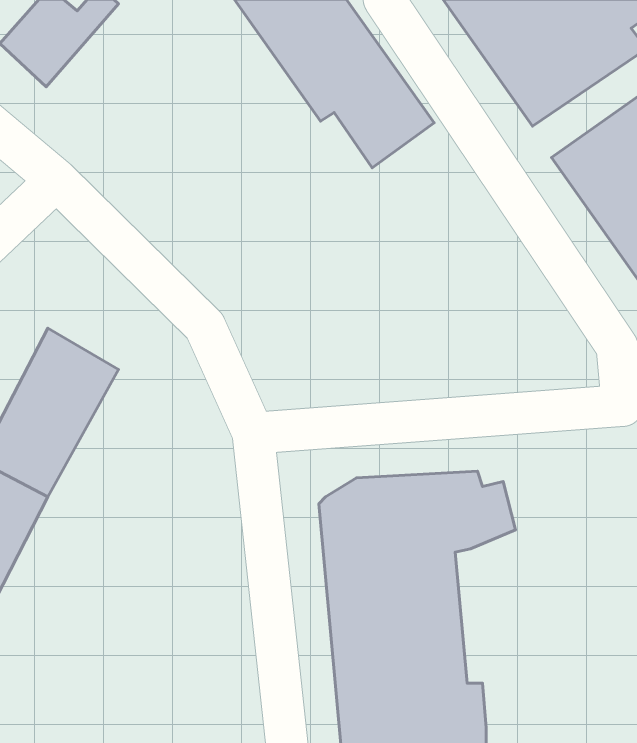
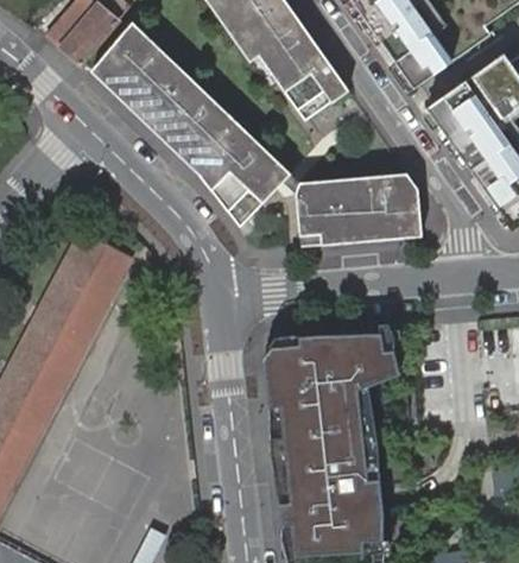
building: none -> [93,20,292,223]
building: none -> [292,172,420,243]

